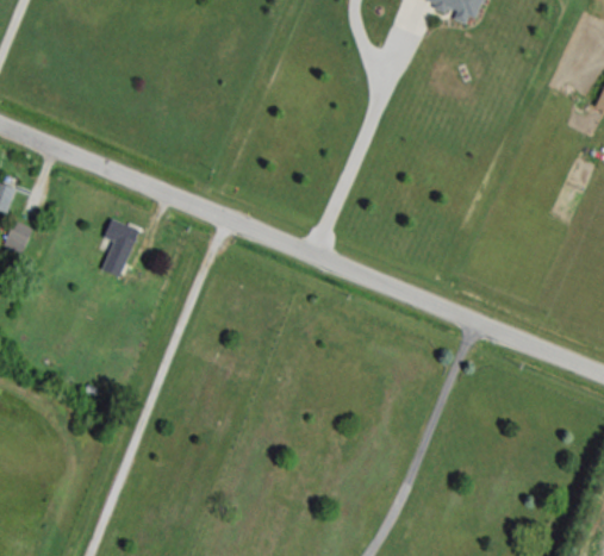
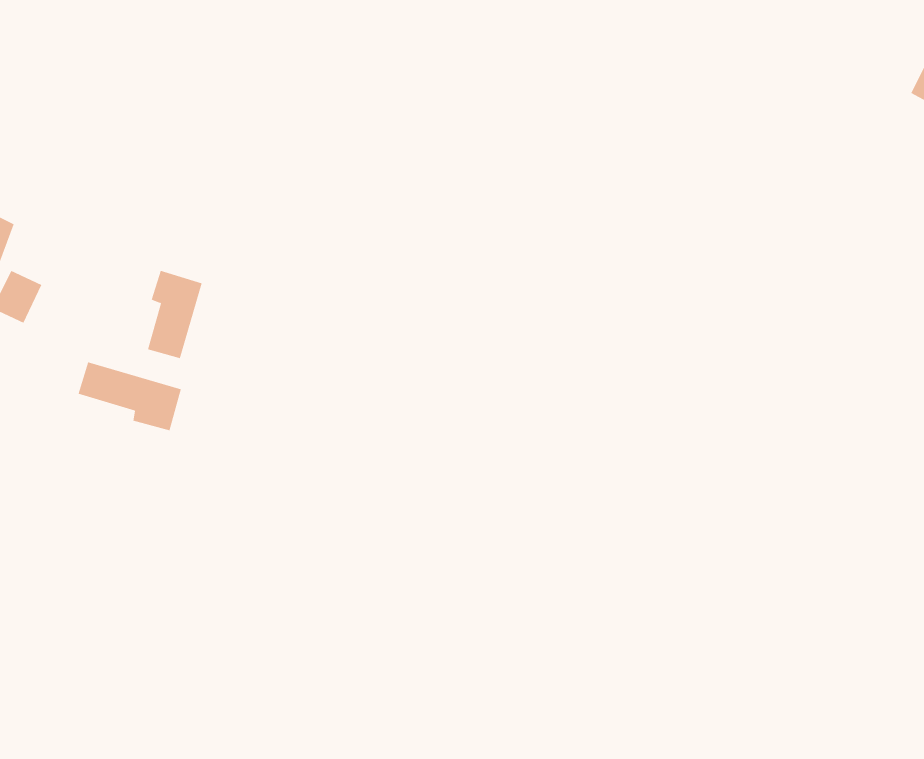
building: none -> [78,362,181,431]

